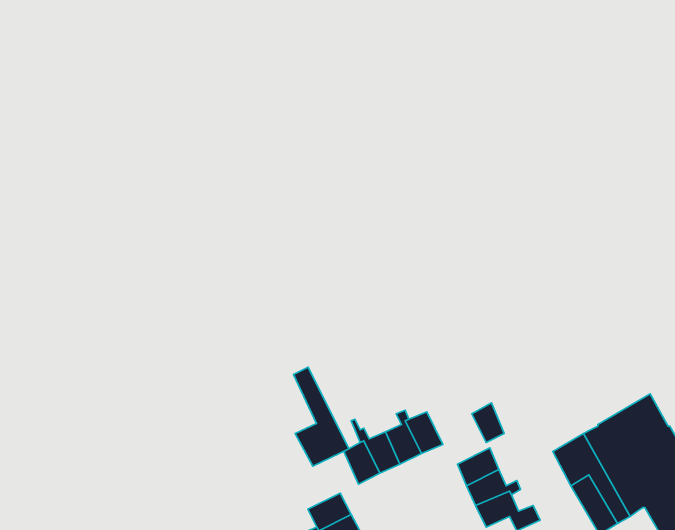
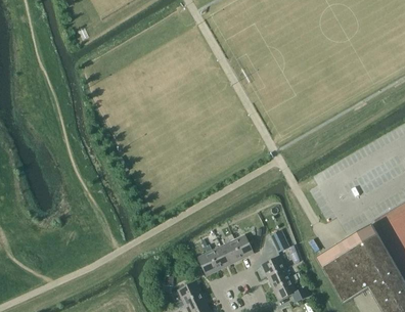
building: [293,367,349,466] -> none

